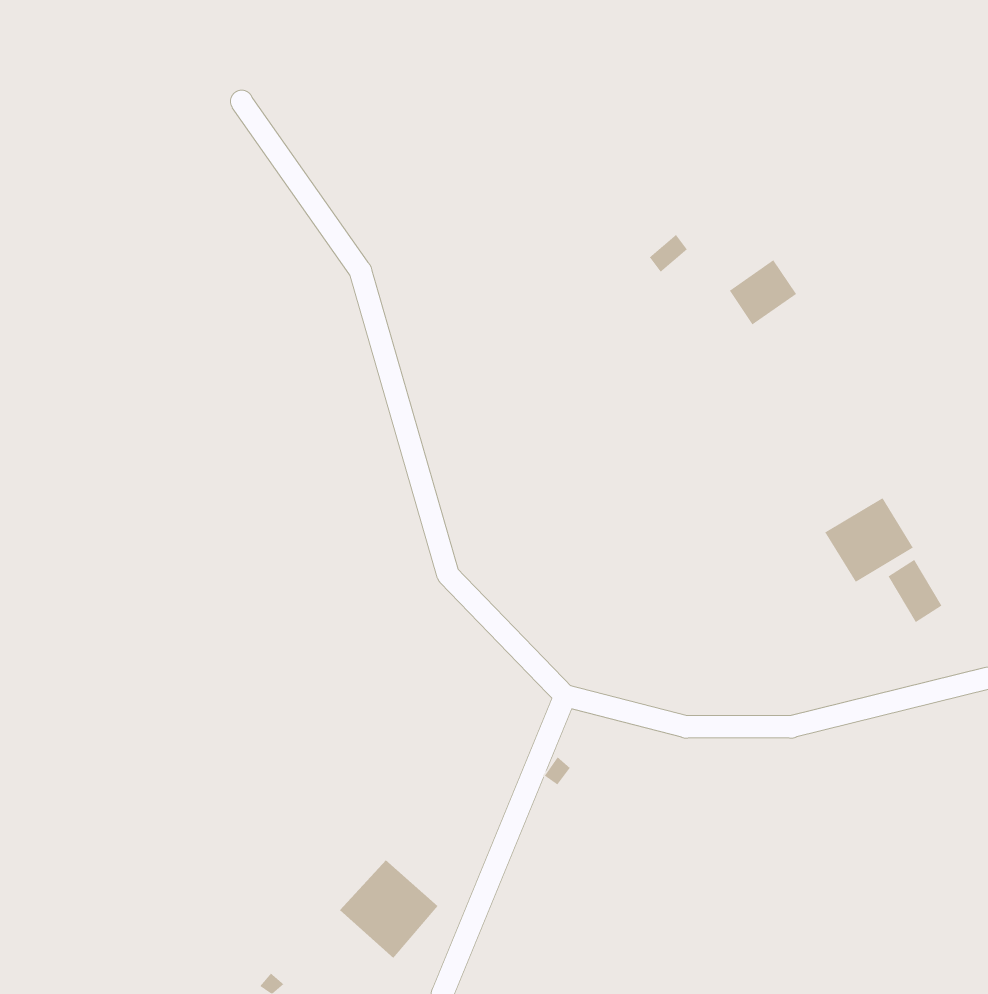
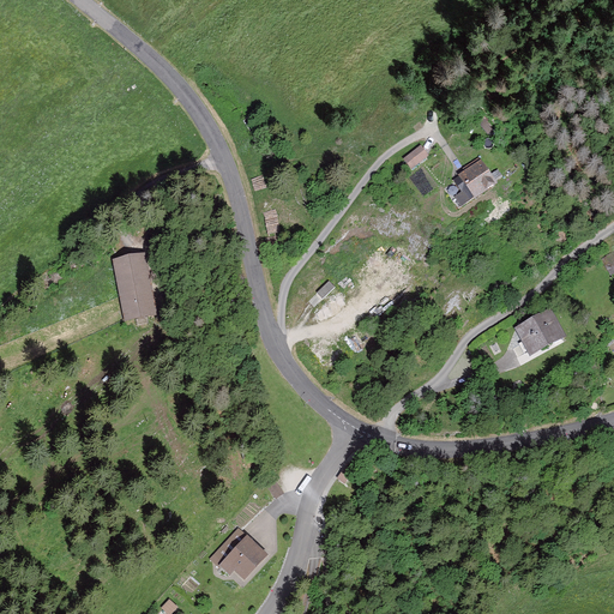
building: none -> [115,251,167,324]
building: [887,559,943,623] -> none

